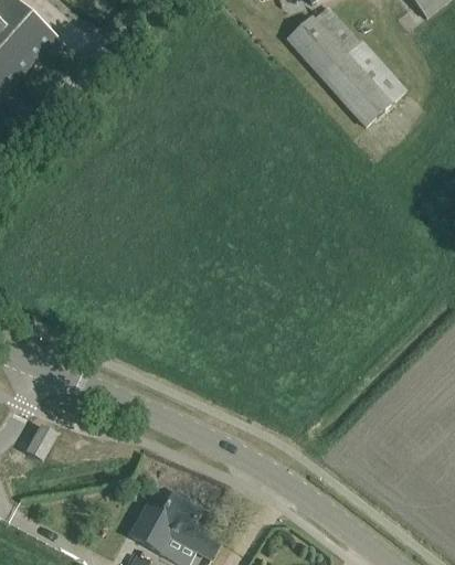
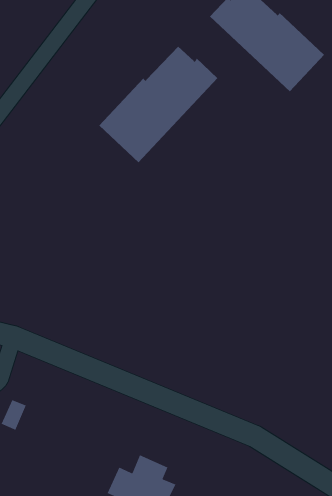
building: none -> [98,46,218,163]

